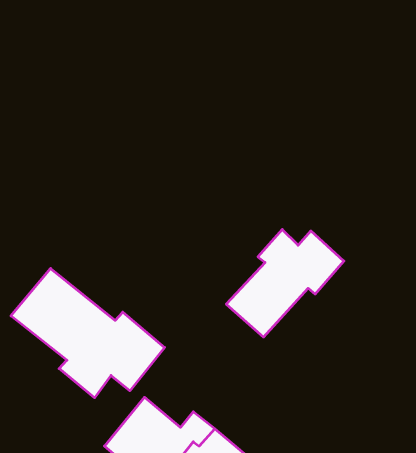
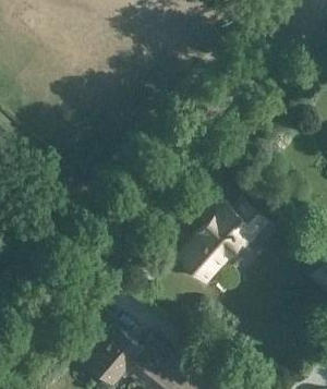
building: [11,268,165,398] -> none

